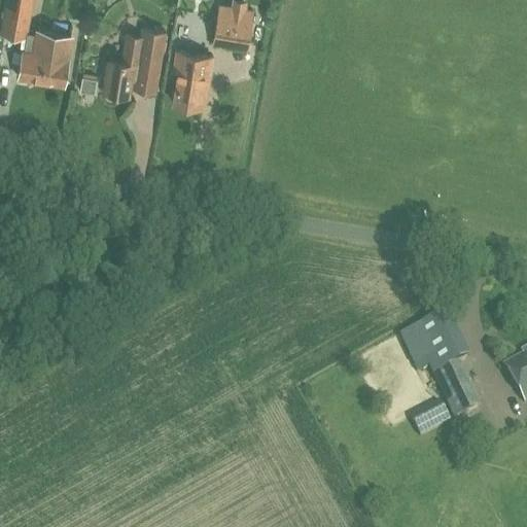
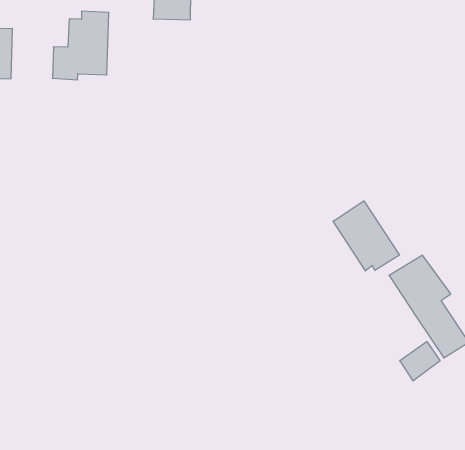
building: [173,49,212,107] -> none
building: none -> [333,201,399,271]

